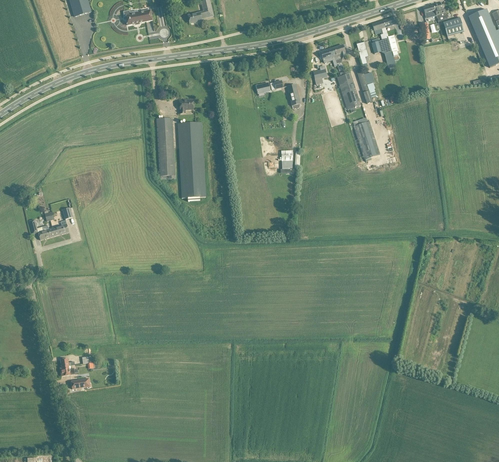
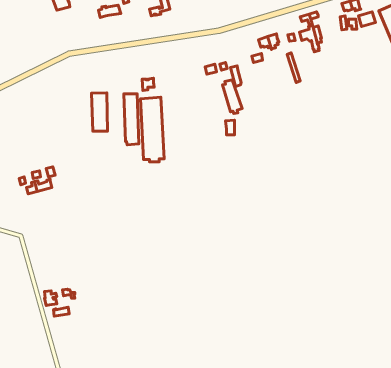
building: [337,70,361,111] -> [222,80,242,114]
building: none -> [91,93,107,131]
building: [353,117,380,158] -> none

